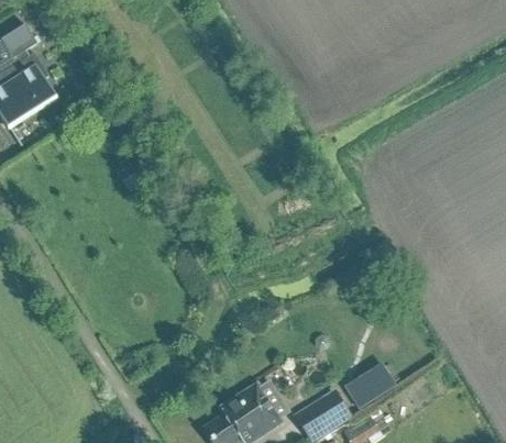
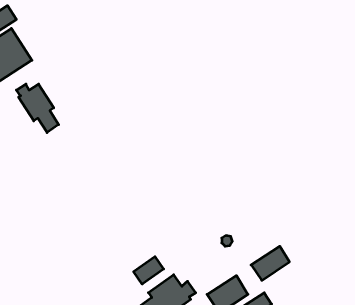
building: none -> [16,84,59,133]
building: none -> [134,257,164,284]

